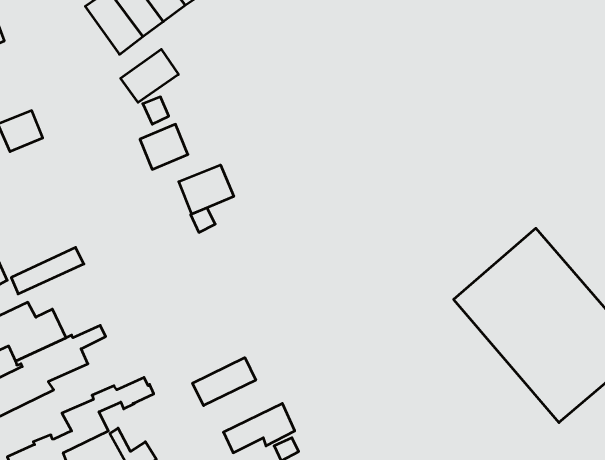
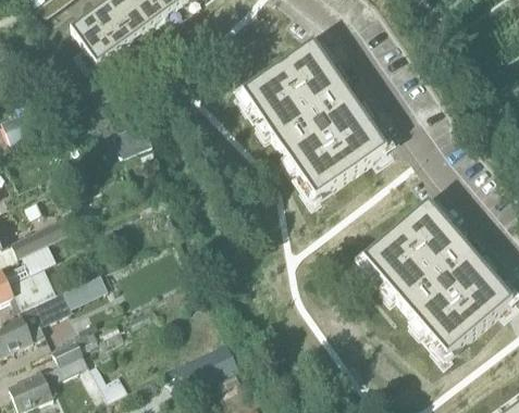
building: none -> [242,45,386,200]
building: [121,49,178,102] -> none
building: [179,165,234,214] -> none
building: [193,358,256,406] -> none

